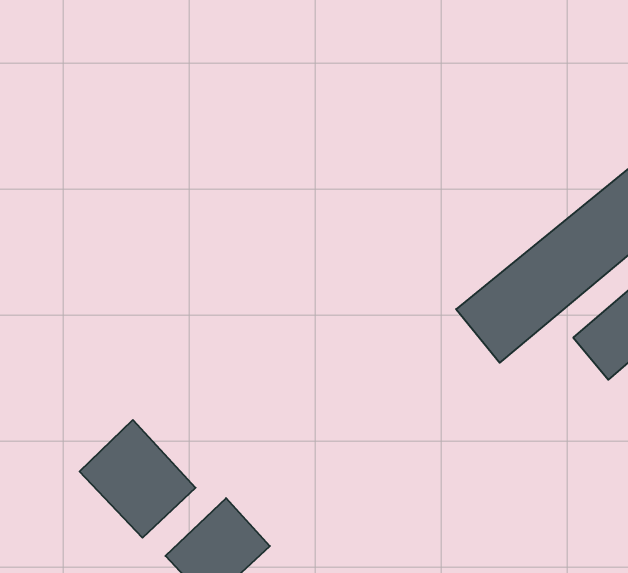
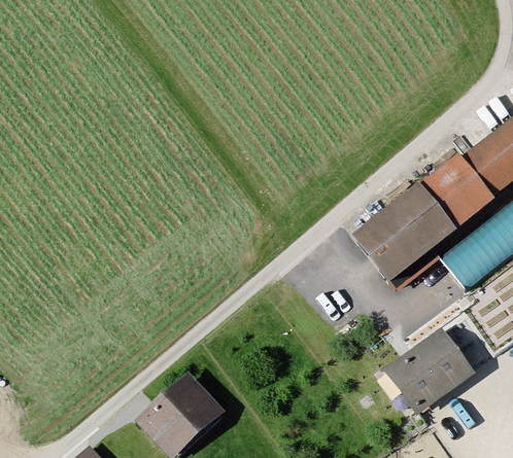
building: [80,420,196,538] -> none
building: none -> [390,332,471,411]

